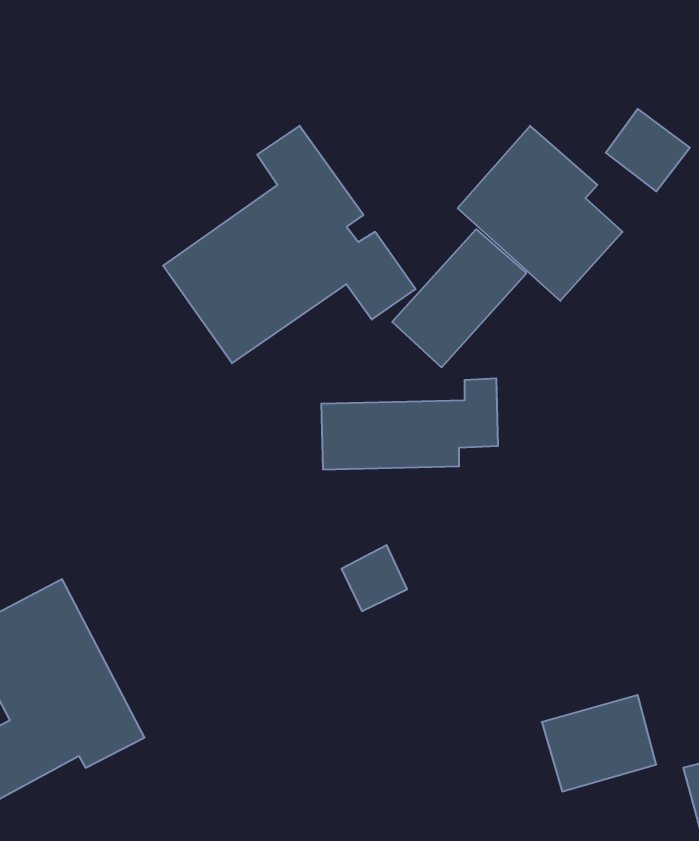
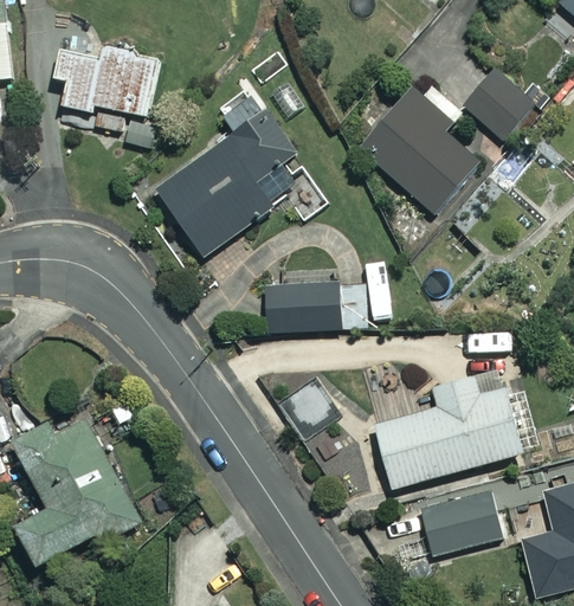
building: none -> [52,46,162,137]
building: [392,229,526,367] -> none
building: none -> [374,373,523,489]

